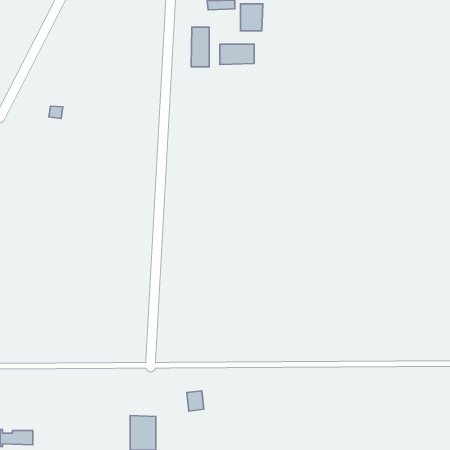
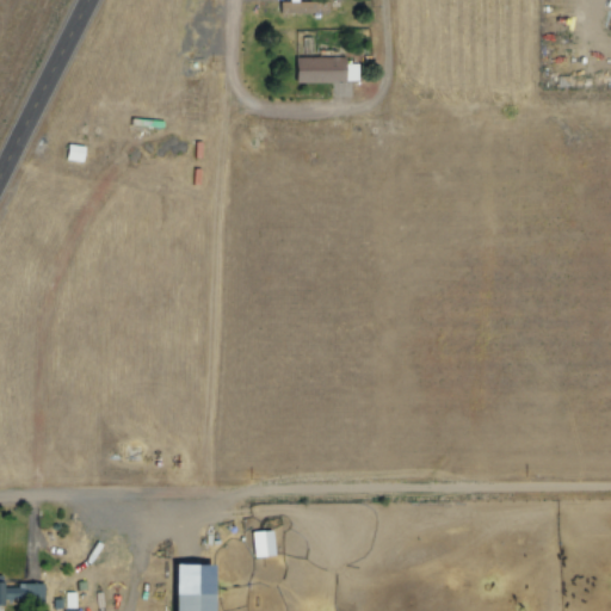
building: [240,4,263,31] -> none
building: [191,27,209,67] -> none

